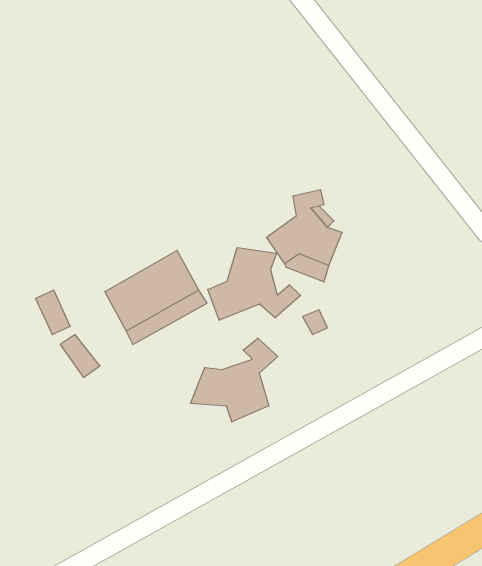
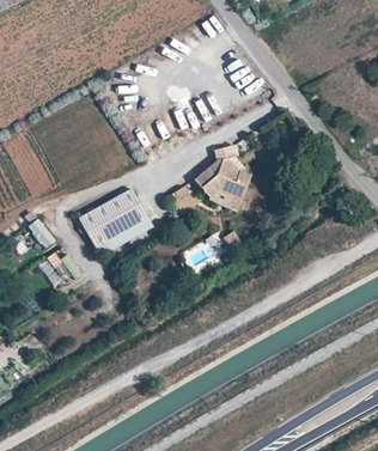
building: [208,248,301,320] -> none
building: [191,338,278,422] -> none

